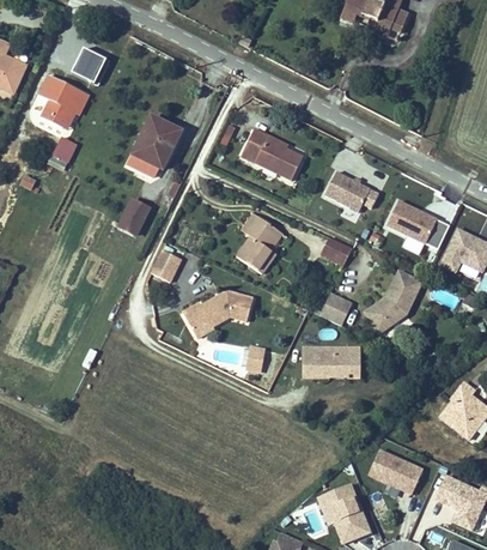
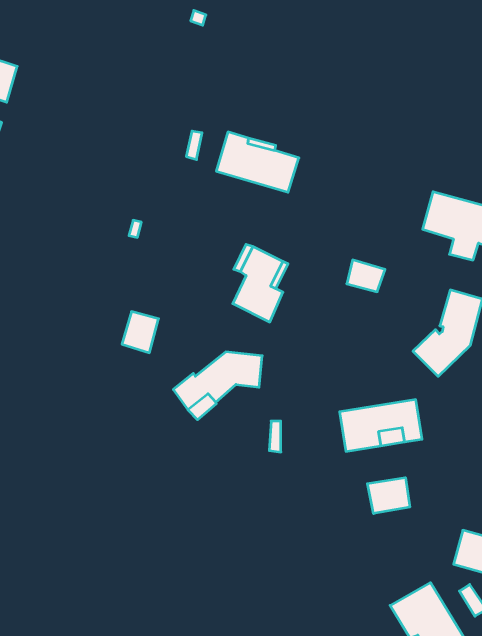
building: [133,116,181,168] -> none
building: [327,174,369,211] -> none
building: [118,199,148,234] -> none
building: [319,292,352,325] -> none
building: none -> [367,478,410,514]

